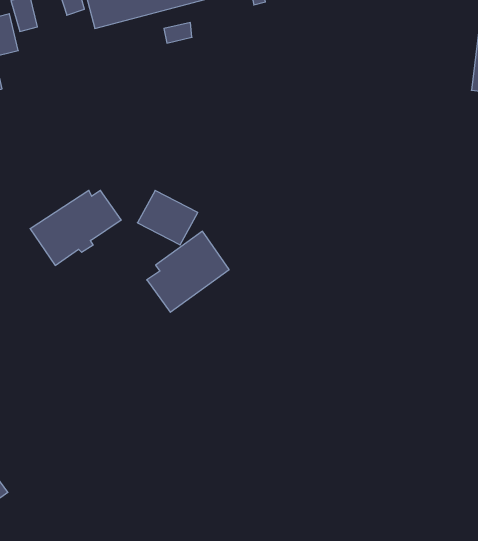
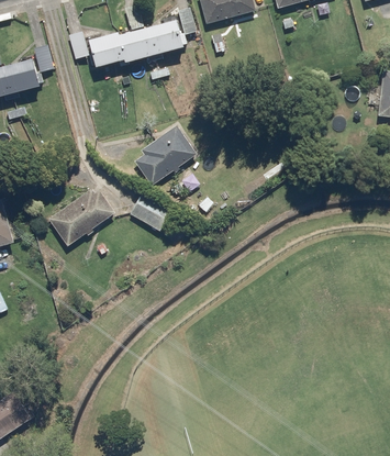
building: [147,231,229,312] -> [135,125,197,186]

